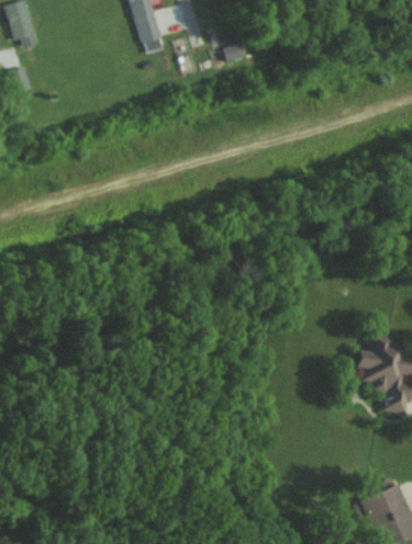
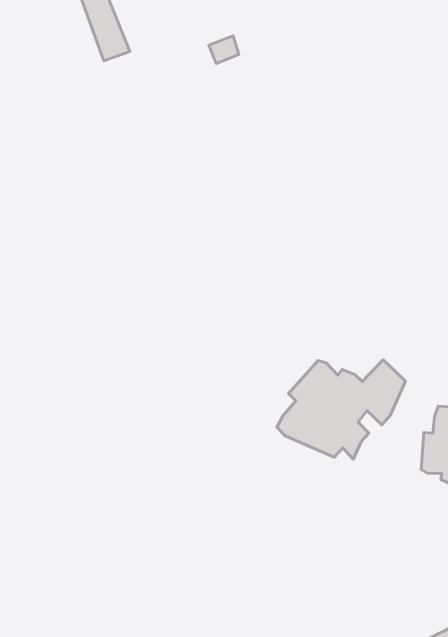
building: none -> [277,360,406,459]

